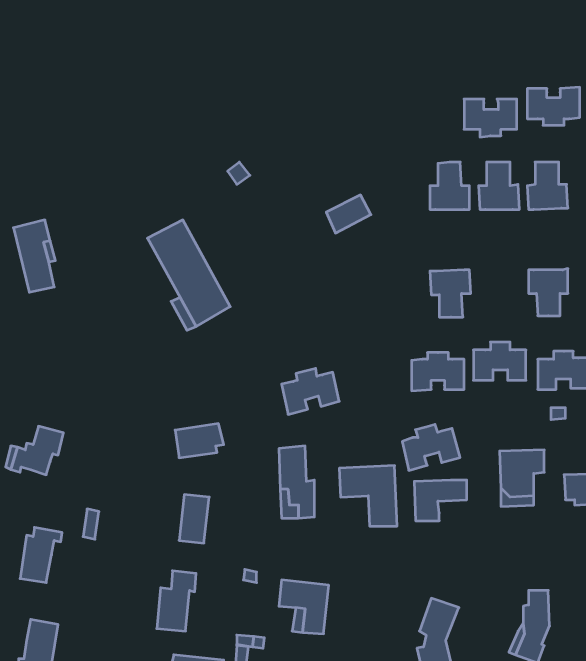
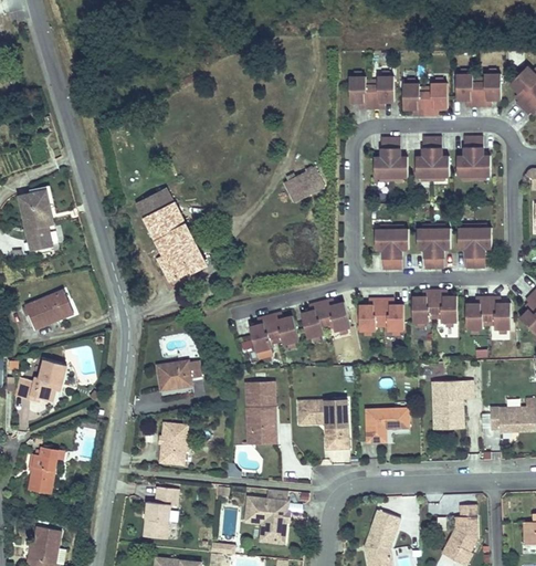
building: none -> [348,78,392,111]
building: none -> [416,230,449,270]
building: none -> [31,290,78,327]
building: [402,424,460,470] -> [301,300,349,338]

